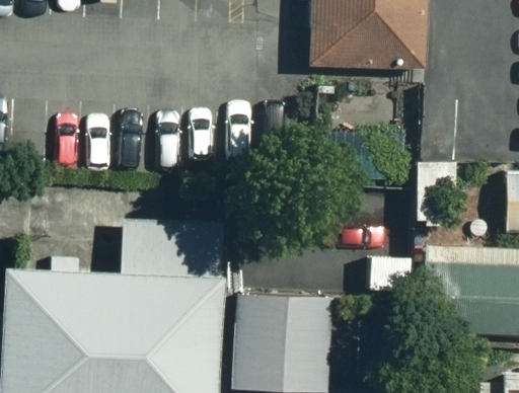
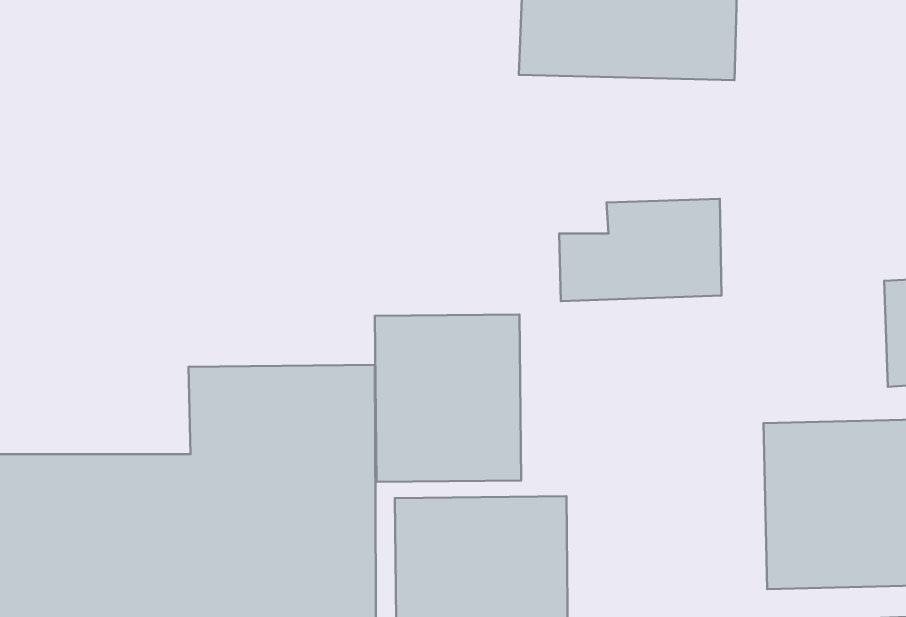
building: none -> [375,314,521,482]

